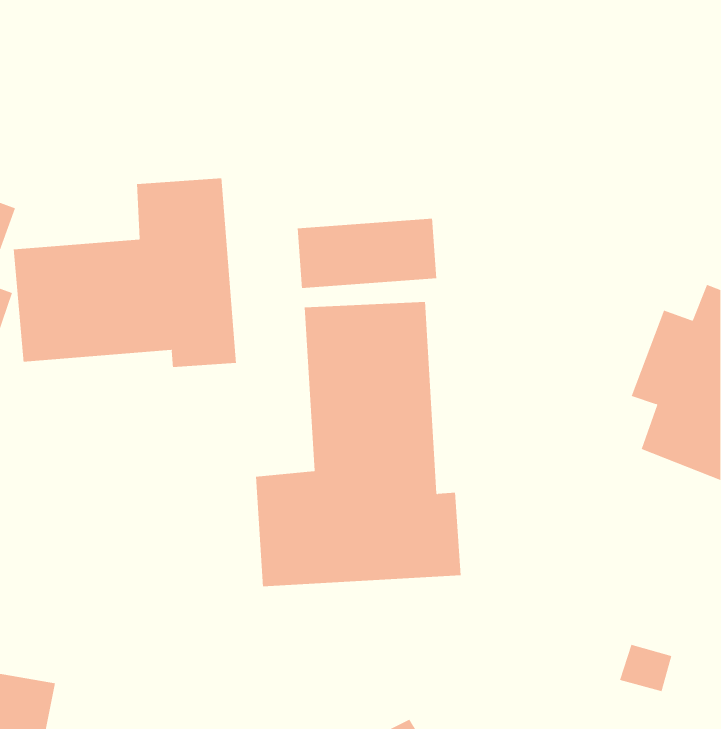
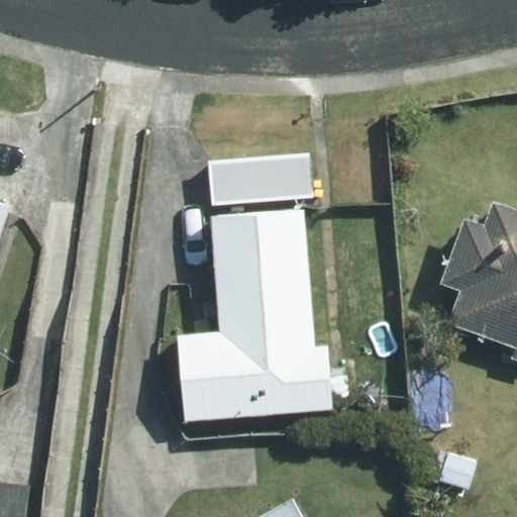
building: [13,177,237,368] -> none

